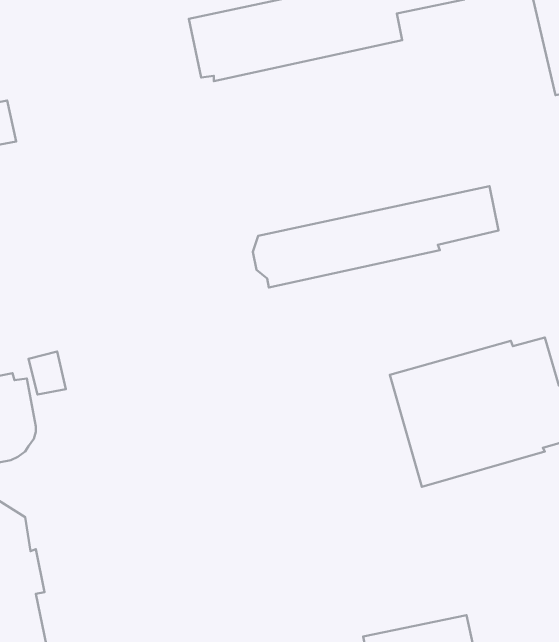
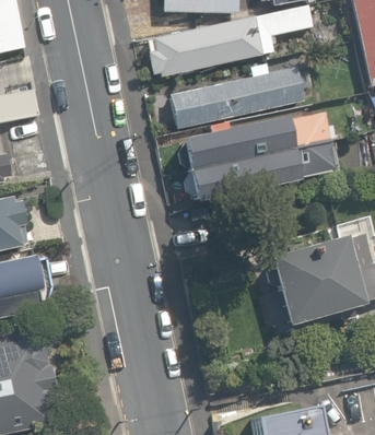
building: none -> [171,61,316,127]
building: none -> [178,110,343,172]

